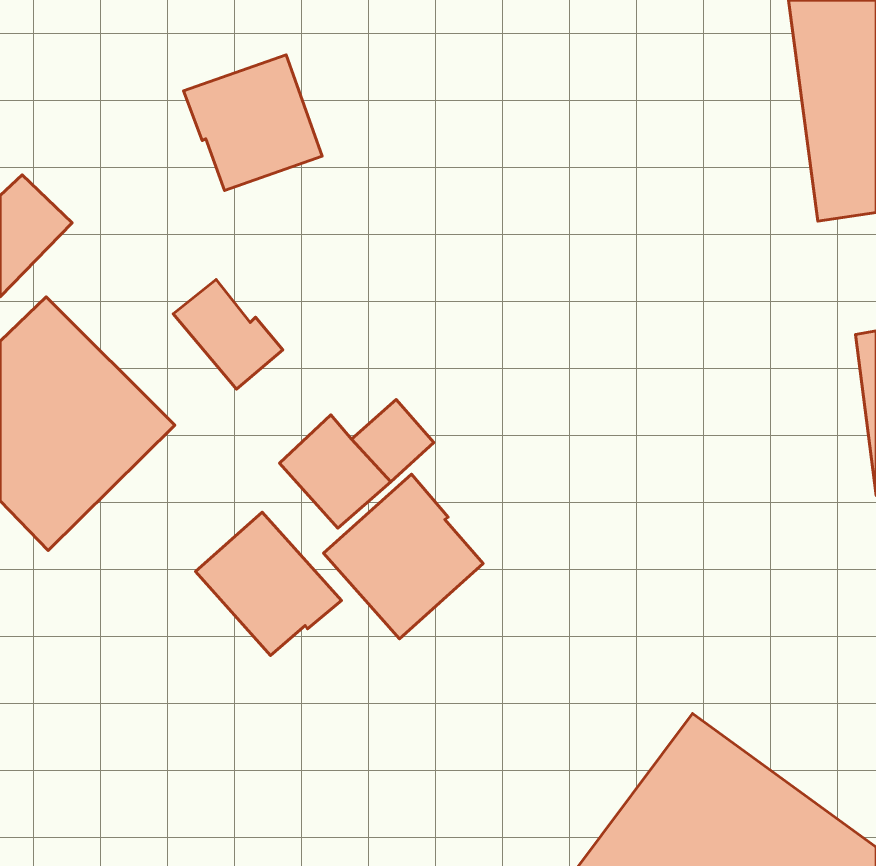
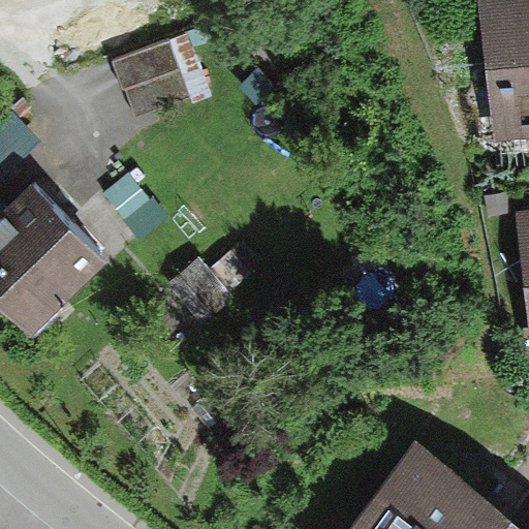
building: [323,474,483,639] -> none
building: [195,512,341,655] -> none

